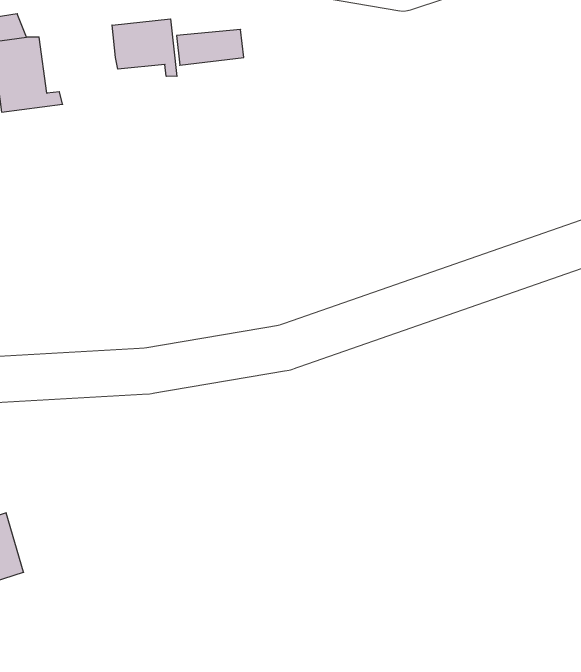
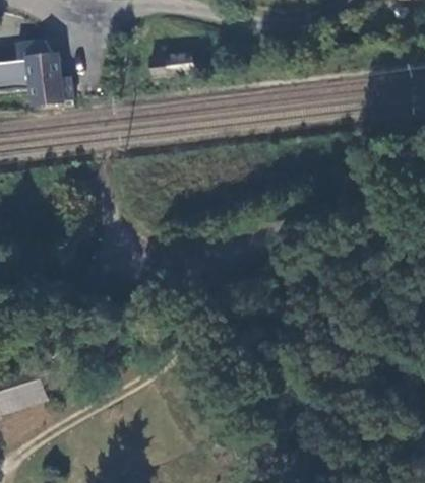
building: [112,19,177,76] -> none

